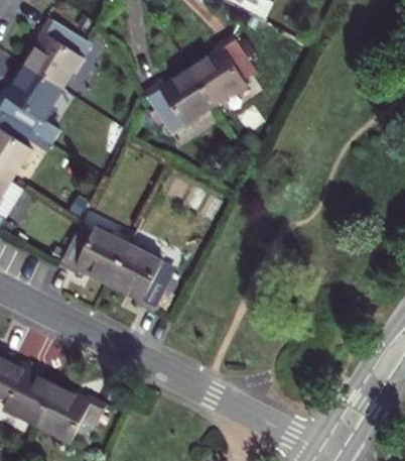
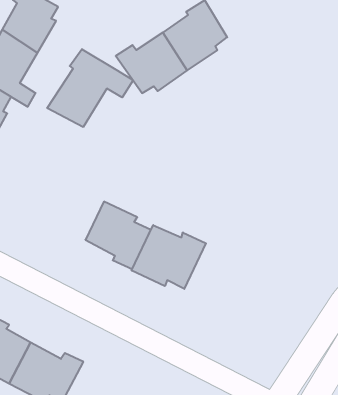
building: none -> [47,49,133,127]
building: [60,220,131,279] -> none
building: none -> [132,225,206,289]

